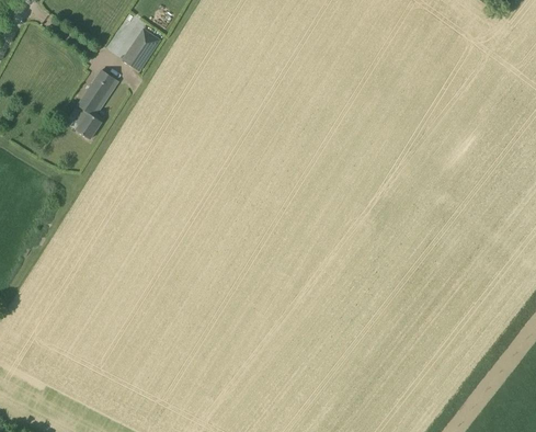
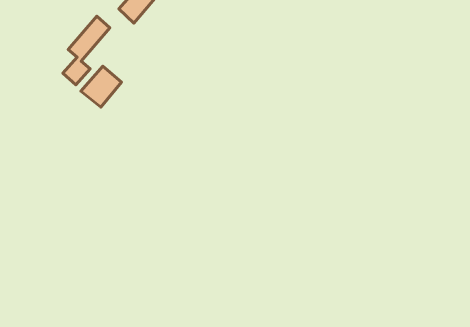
building: none -> [81,66,122,107]

